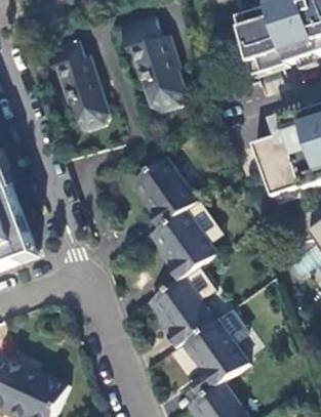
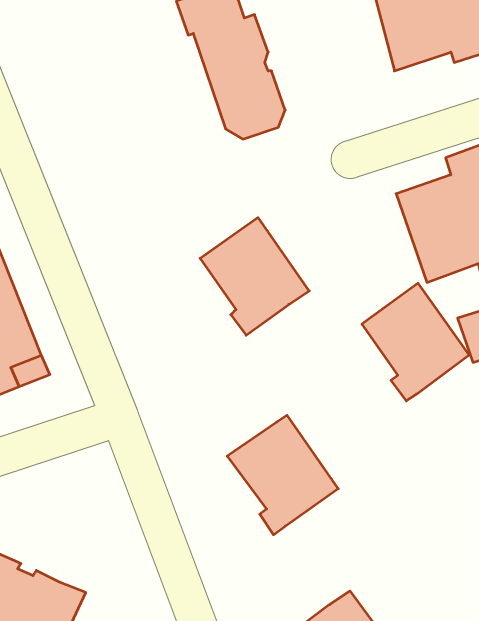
building: [43,34,105,126] -> none
building: [151,206,215,277] -> [362,283,469,401]
building: [183,315,248,386] -> none

